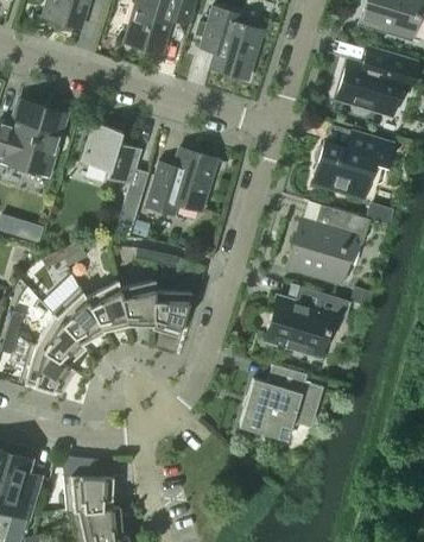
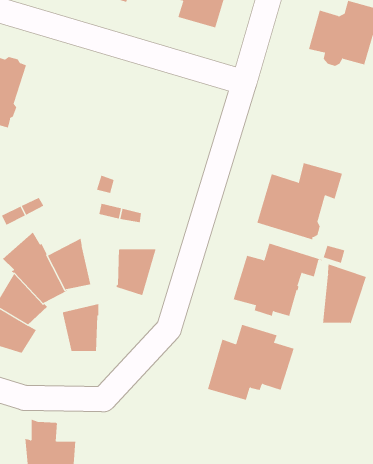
building: [82,122,148,227] -> none
building: [311,131,393,198] -> none
building: [146,147,228,214] -> none
building: [120,279,156,326] -> [62,304,99,352]
building: none -> [322,264,367,325]

